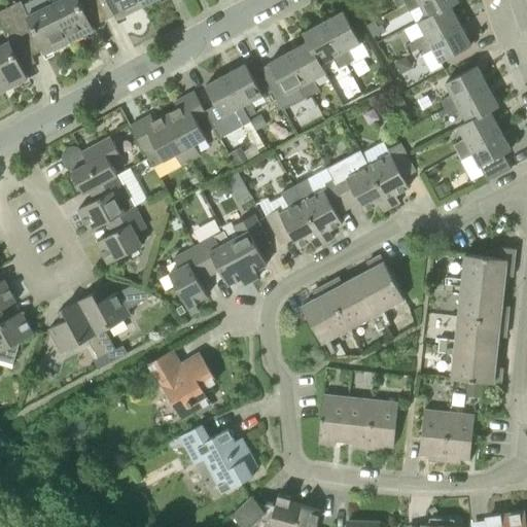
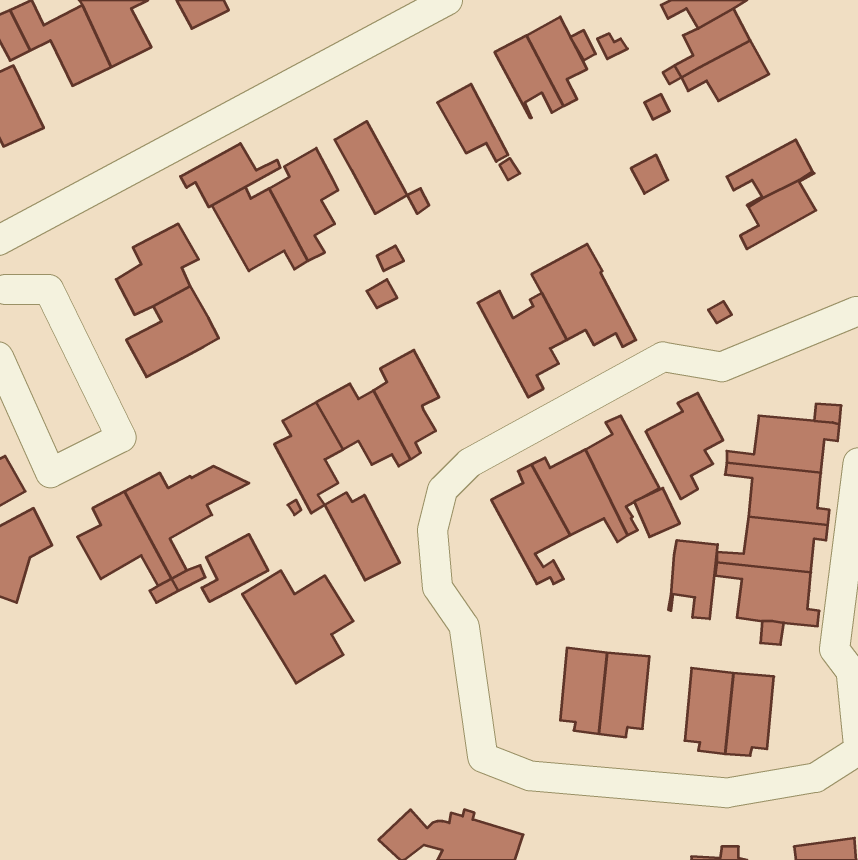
building: [288,32,324,95] -> none
building: [224,63,262,117] -> none
building: [441,65,487,108] -> none
building: none -> [180,143,280,207]
building: [457,129,511,180] -> none
building: [367,143,415,208] -> [646,393,723,499]
building: [266,185,323,247] -> none
building: [95,207,145,264] -> none
building: none -> [325,493,400,580]
building: none -> [202,534,268,602]
building: none -> [668,540,718,619]
building: [317,394,347,445] -> none
building: [167,423,257,493] -> none

